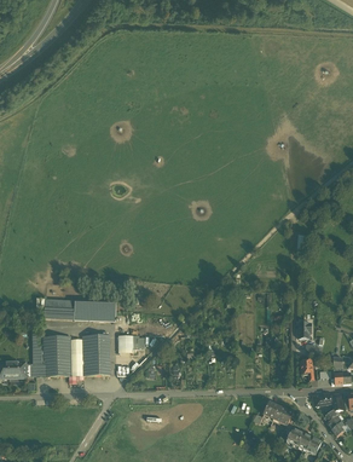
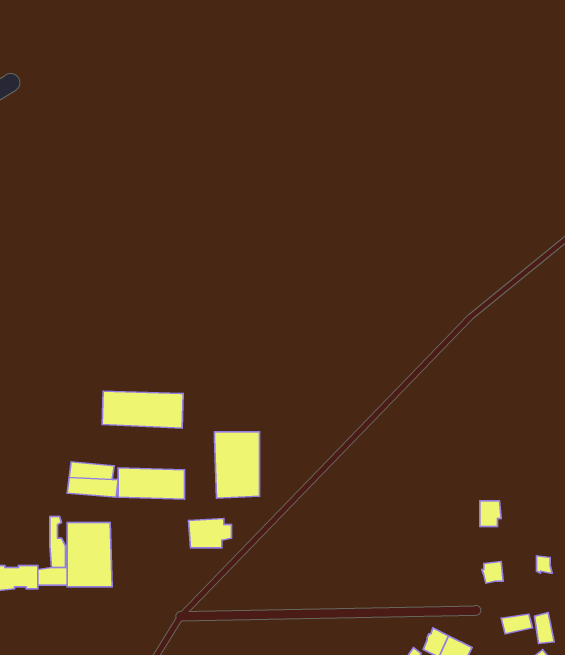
building: none -> [102,391,183,428]
building: [82,334,110,375] -> [215,432,260,498]

